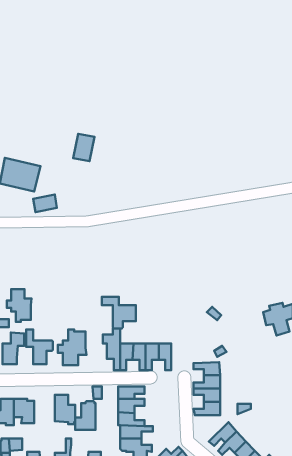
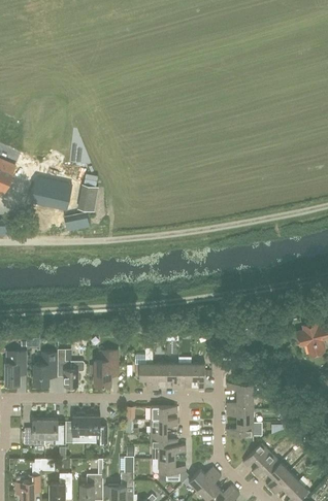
building: [73,134,95,161] -> [77,183,99,211]
building: [7,289,32,322] -> none
building: [102,297,136,328] -> none
building: [75,401,96,430] -> [66,413,87,442]

